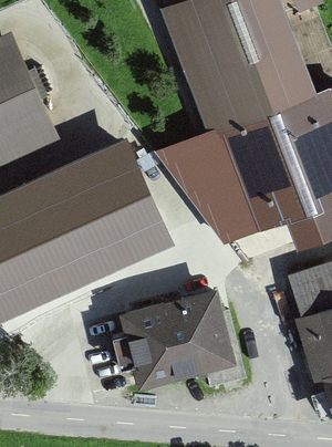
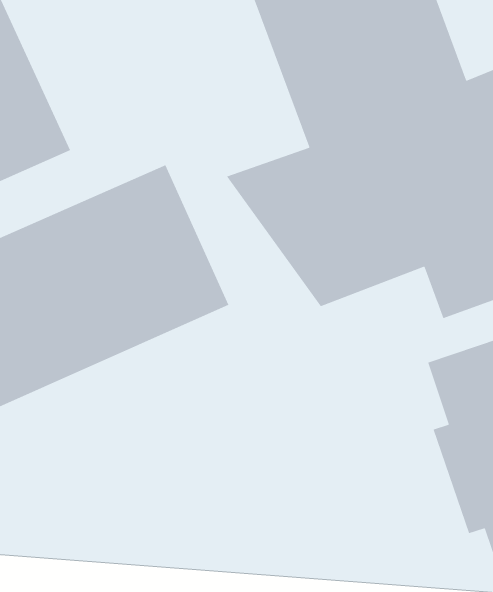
building: [118,290,238,389] -> none

